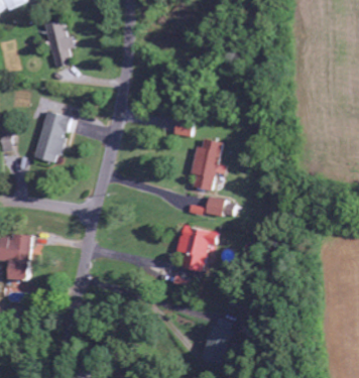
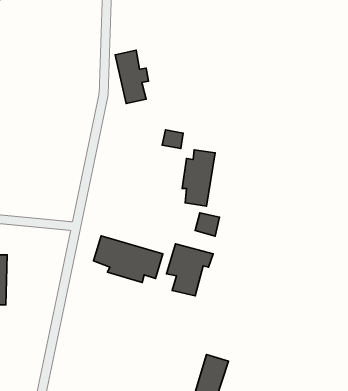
building: [44,19,75,68] -> [115,50,148,103]
building: [34,110,72,162] -> none
building: none -> [94,236,163,283]

